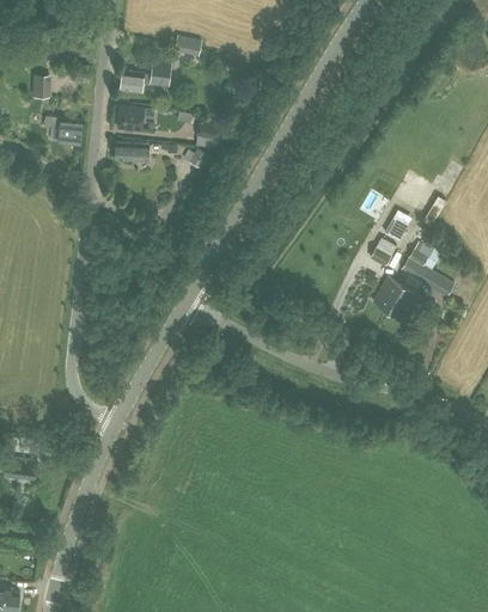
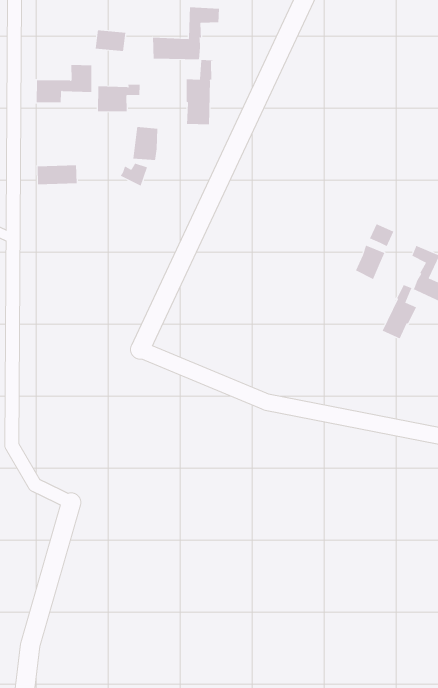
building: none -> [152,7,219,125]
building: [116,106,154,130] -> [97,84,141,112]
building: [373,249,428,310] -> none

